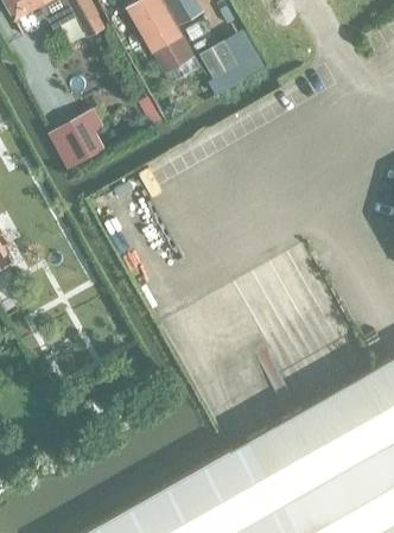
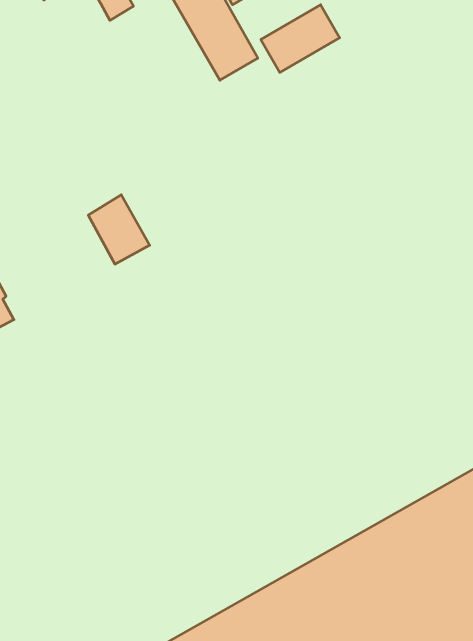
building: [59,112,106,164] -> [88,195,150,264]

